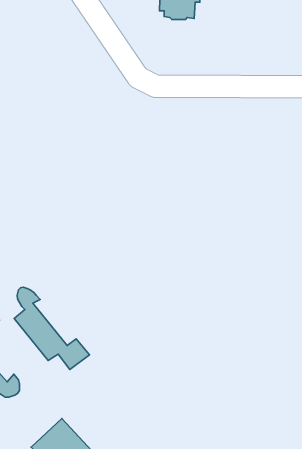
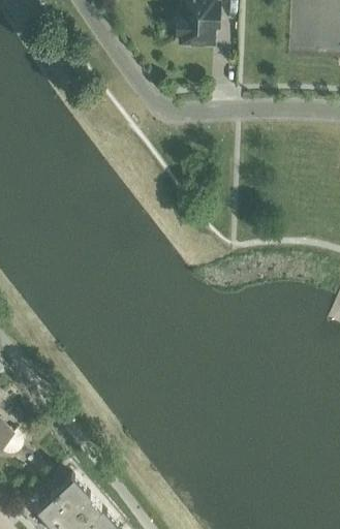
building: [14,287,89,369] -> none

